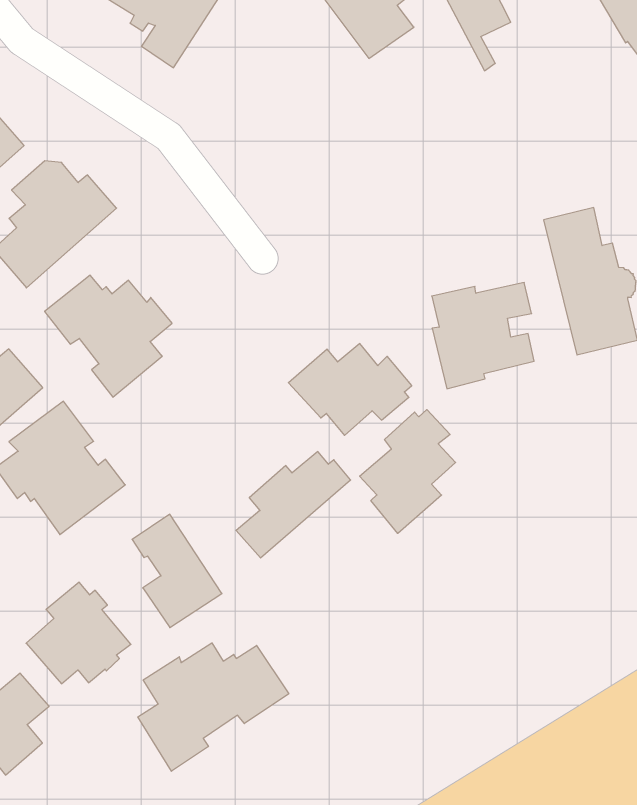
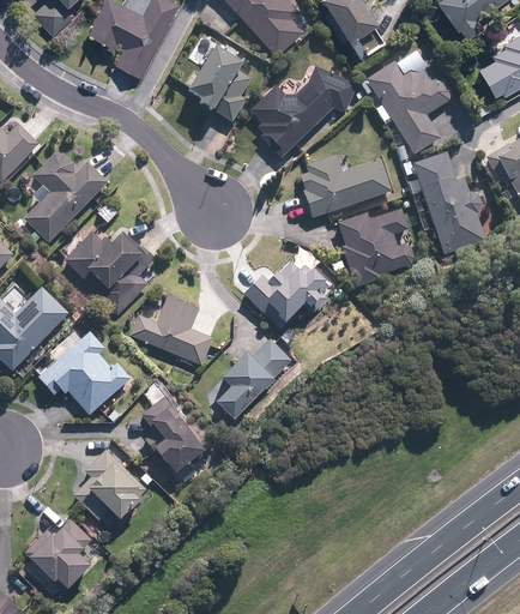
building: none -> [185,47,252,125]
building: none -> [364,52,455,155]
building: none -> [250,66,356,159]
building: none -> [300,155,393,217]
building: none -> [129,294,213,365]
building: [360,410,456,533] -> none
building: [138,643,289,771] -> none

